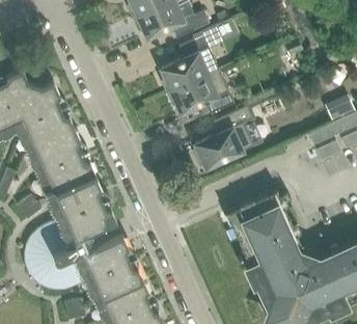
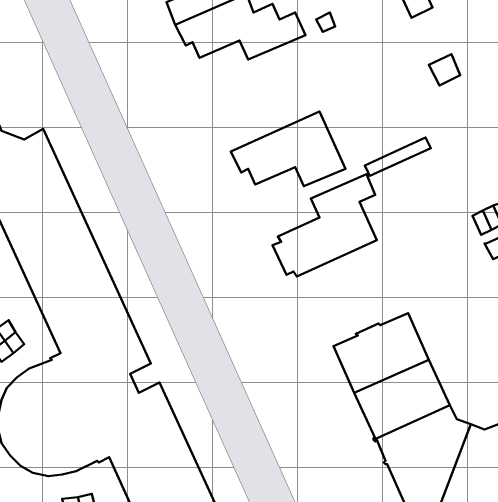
building: [159,36,217,95] -> none

